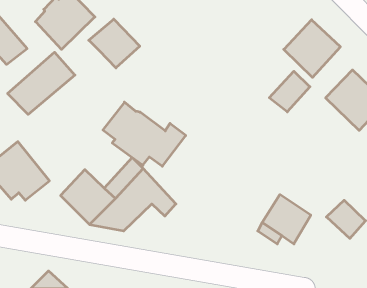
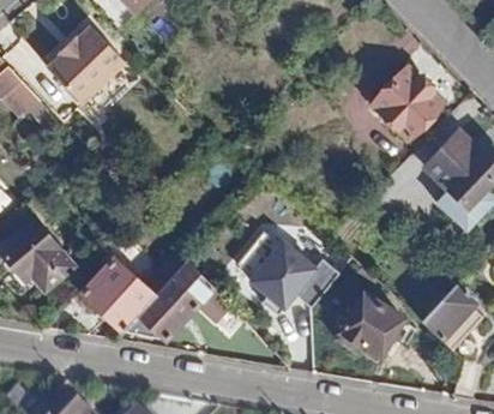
building: [89,19,140,68] -> none
building: [8,52,75,114] -> none
building: [269,71,310,112] -> none
building: [103,102,186,166] -> [237,228,344,311]

